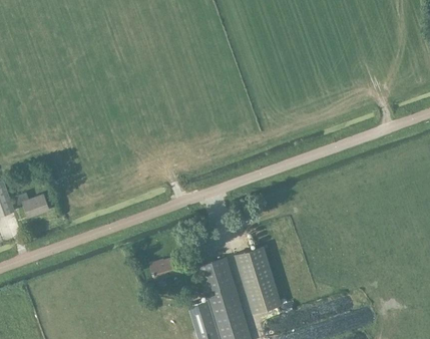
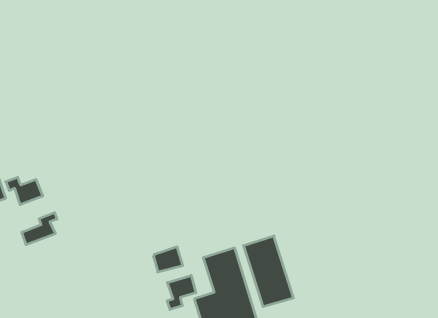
building: none -> [22,213,57,245]
building: none -> [167,275,196,310]

